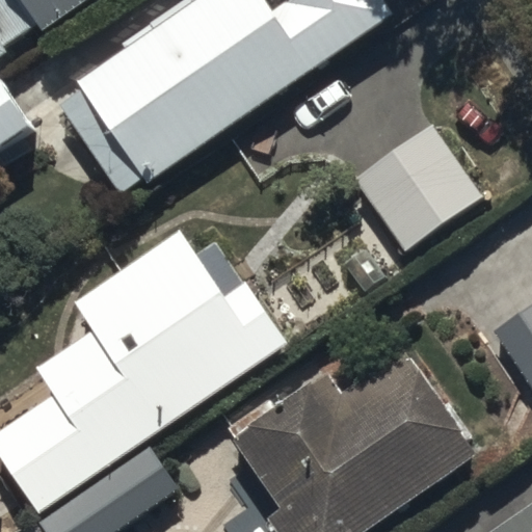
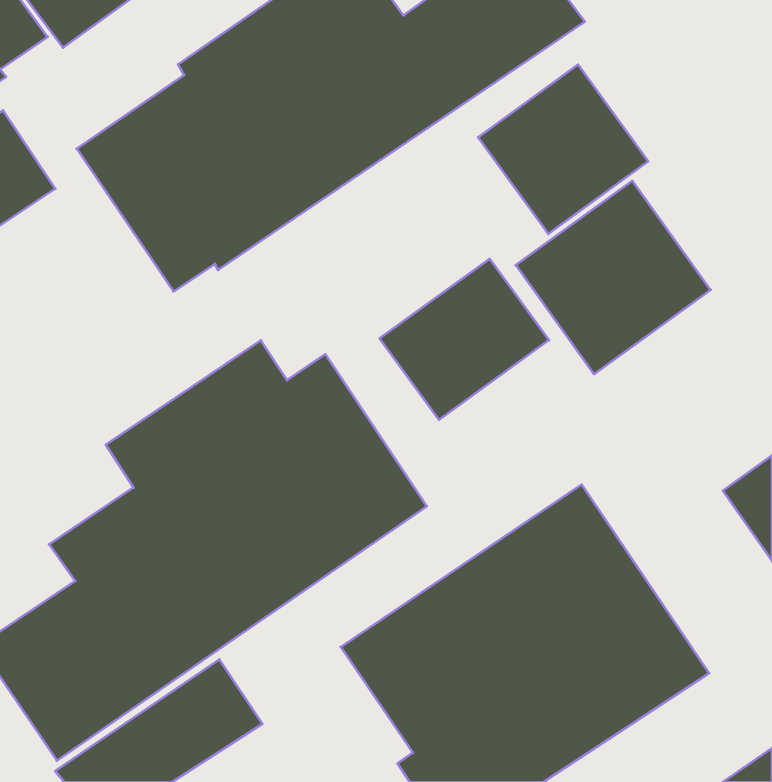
building: none -> [478,65,648,234]
building: none -> [380,259,549,420]

